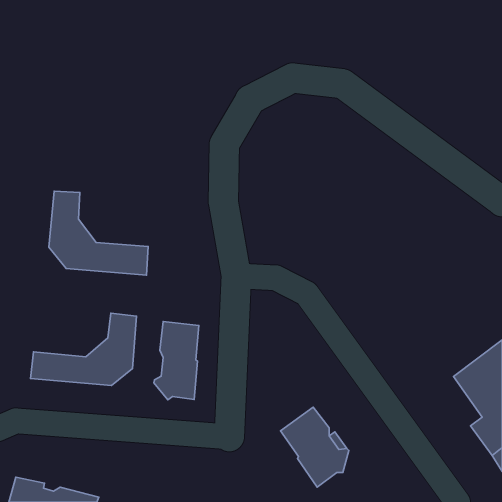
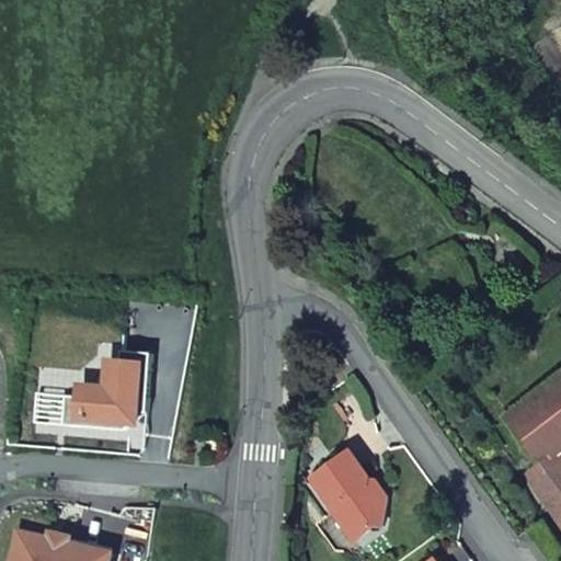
building: [49,191,148,275] -> none
building: [154,321,199,400] -> none

